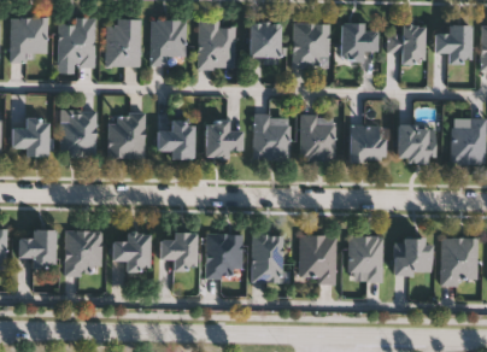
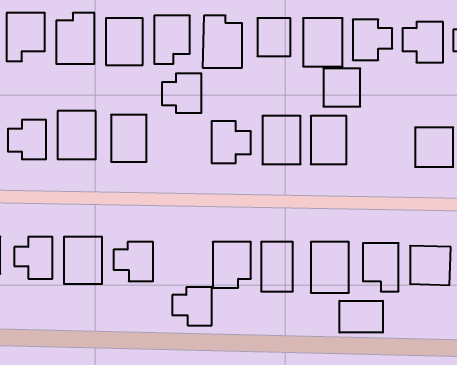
building: [157,121,194,158] -> [162,73,201,113]
building: [350,125,385,162] -> [323,68,360,107]
building: [159,233,196,269] -> [172,287,212,325]
building: none -> [339,301,383,333]

